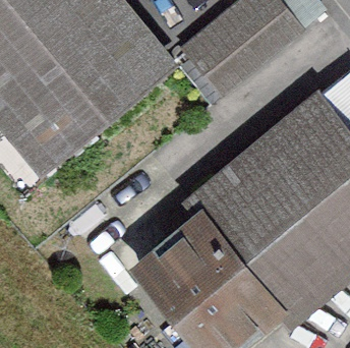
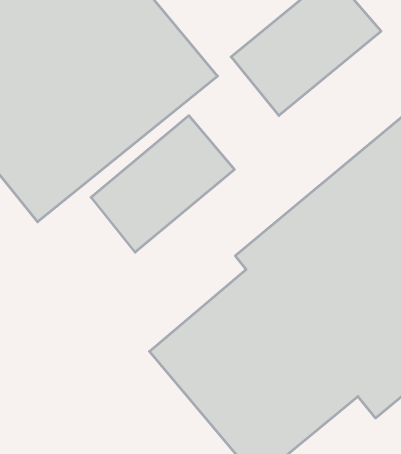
building: none -> [91,116,234,252]

